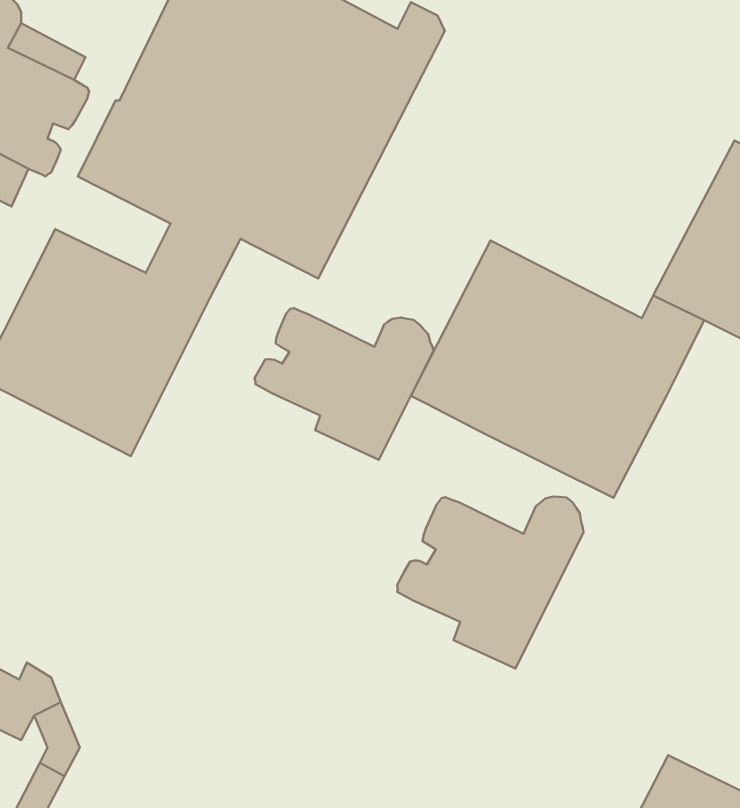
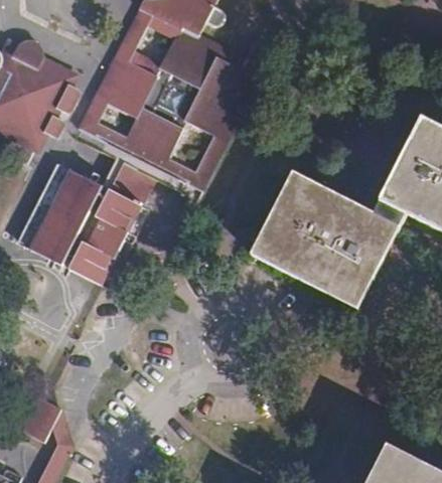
building: [255,308,433,460] -> none
building: [397,496,584,668] -> none

